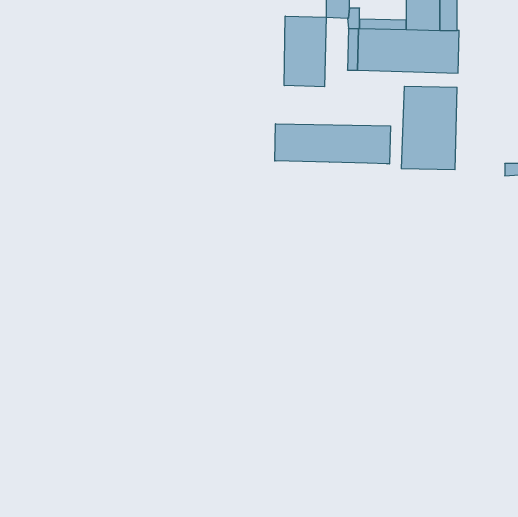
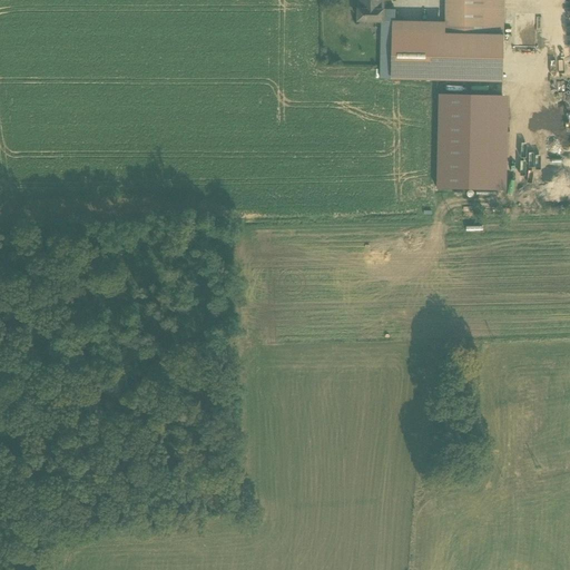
building: [284,16,326,87] -> none
building: [275,124,390,164] -> none

